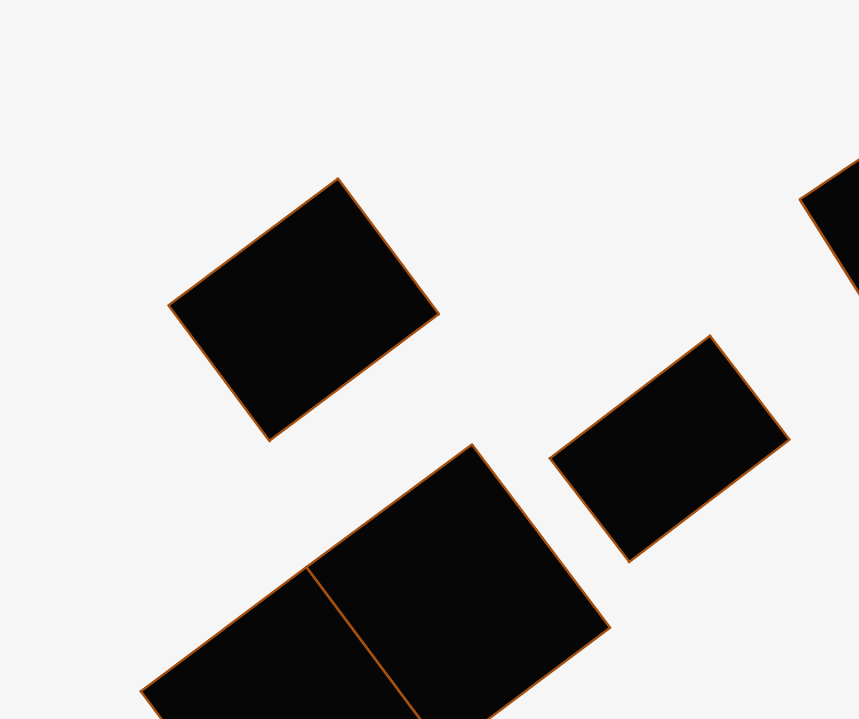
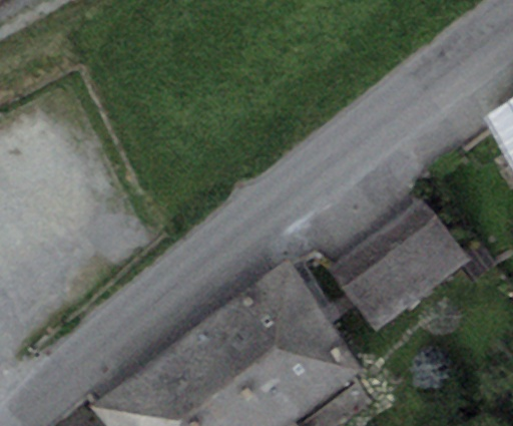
building: [169,179,439,441] -> none

